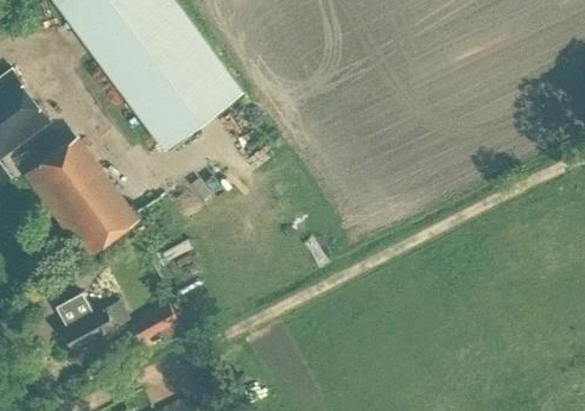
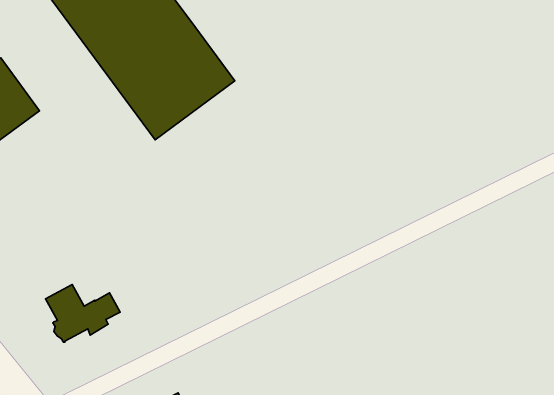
building: [24,141,129,258] -> none
building: [132,301,177,340] -> none

